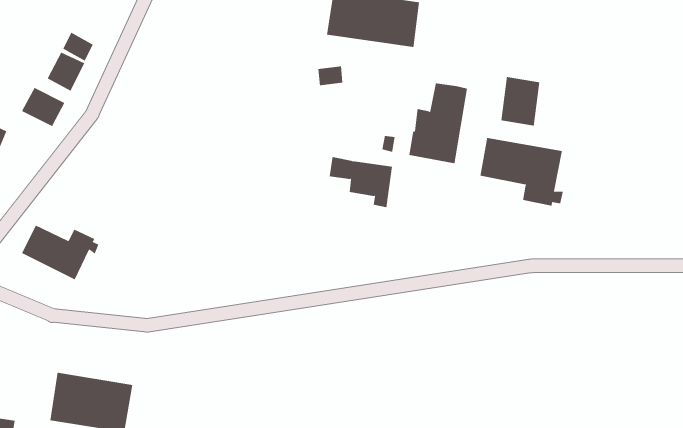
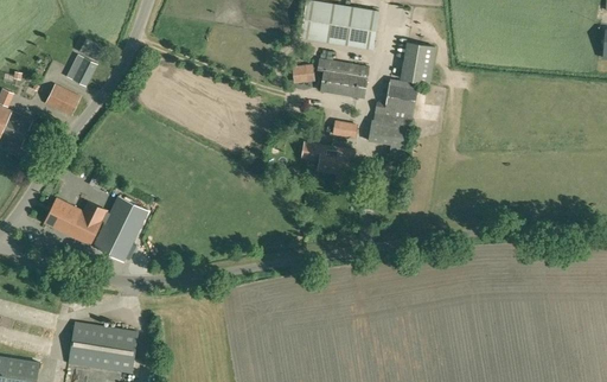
building: none -> [317,58,369,97]
building: [500,77,540,126] -> [401,42,434,83]
building: [480,137,564,207] -> none
building: none -> [94,196,147,260]

